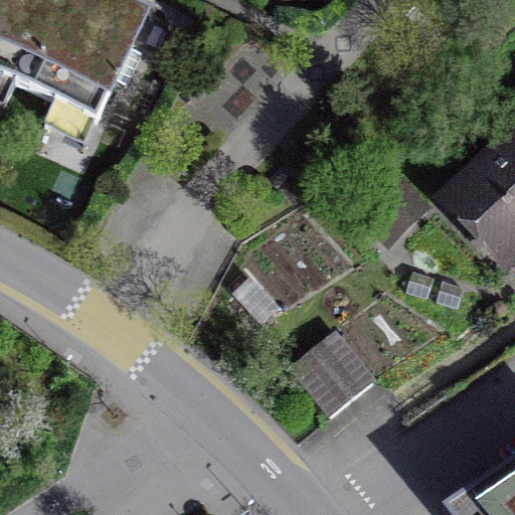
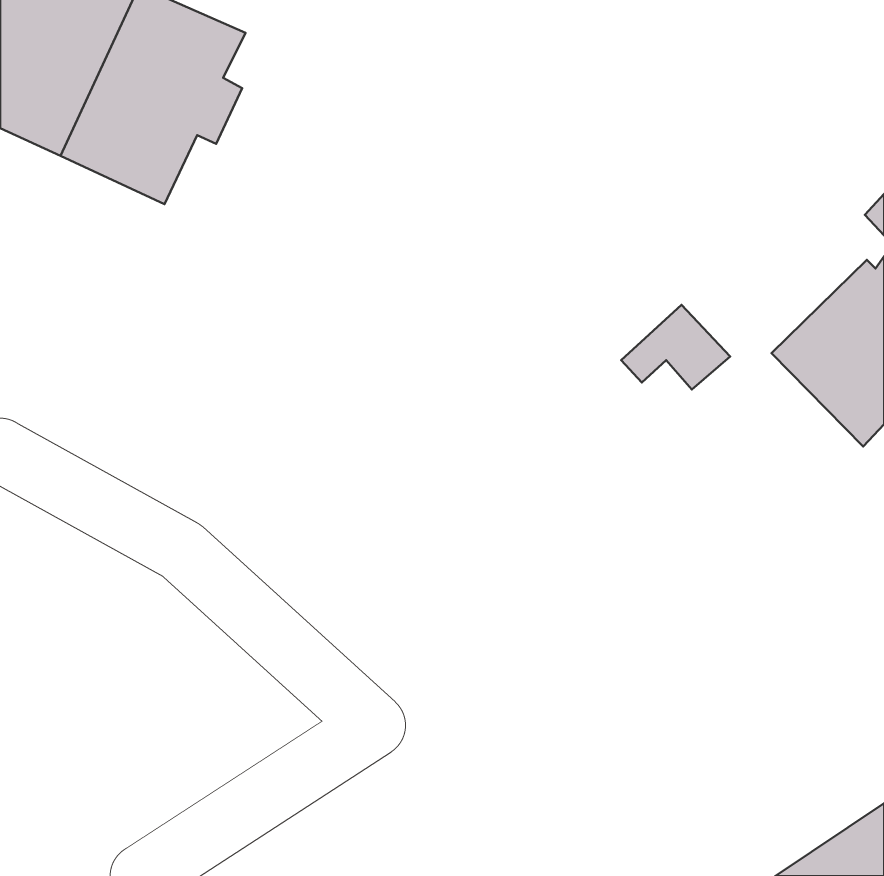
building: [292,333,373,413] -> none

